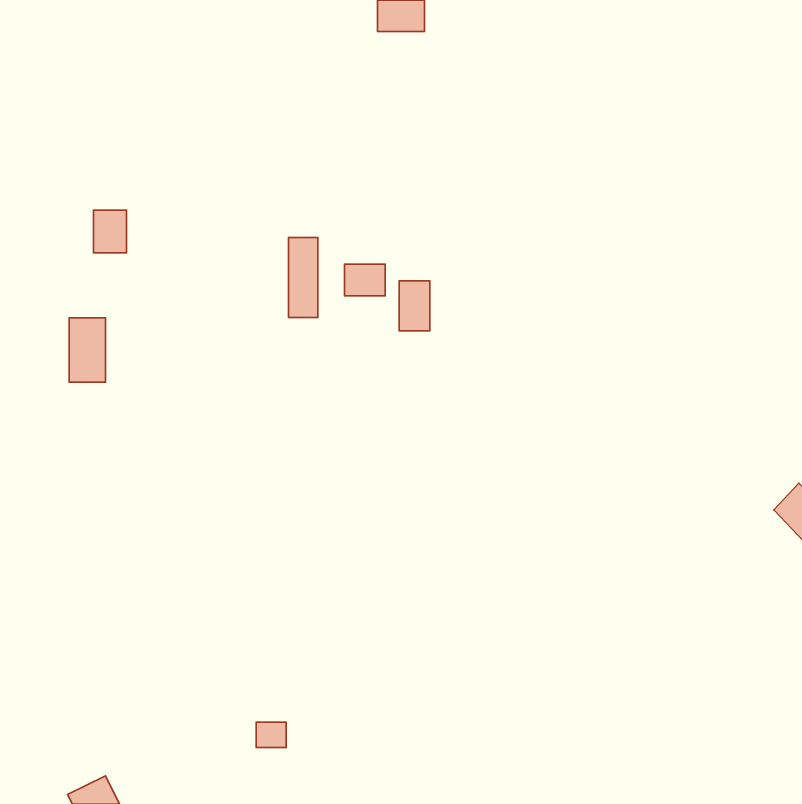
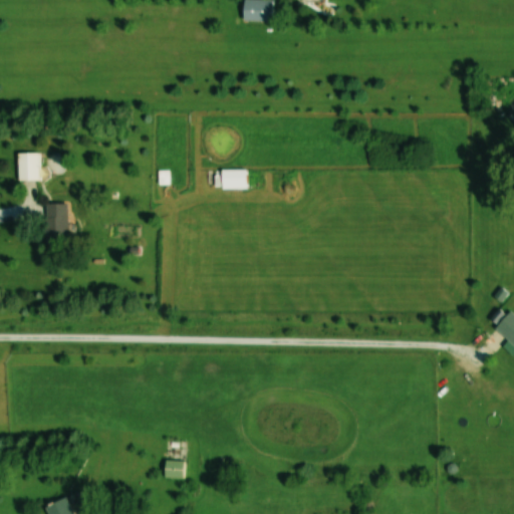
building: [93,210,126,253] -> [18,153,39,180]
building: [288,237,318,318] -> none
building: [399,281,430,331] -> none

